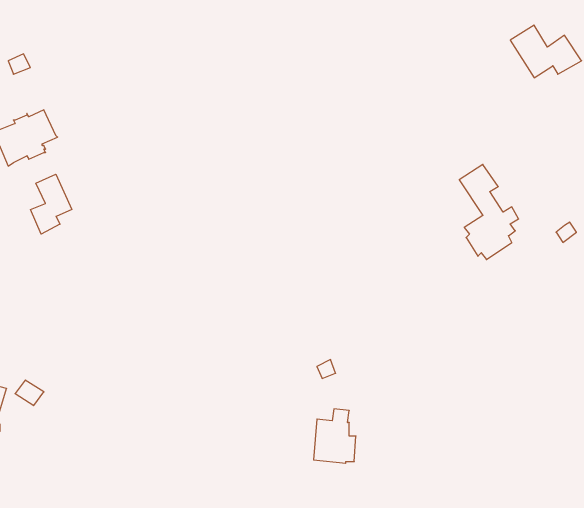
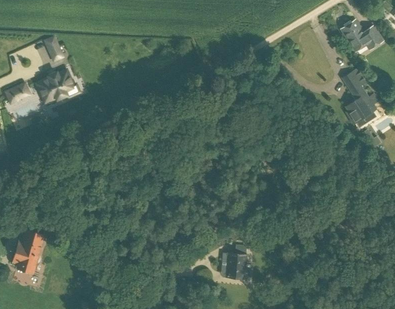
building: [459,164,519,260] -> [343,69,378,125]
building: [30,174,72,234] -> none

